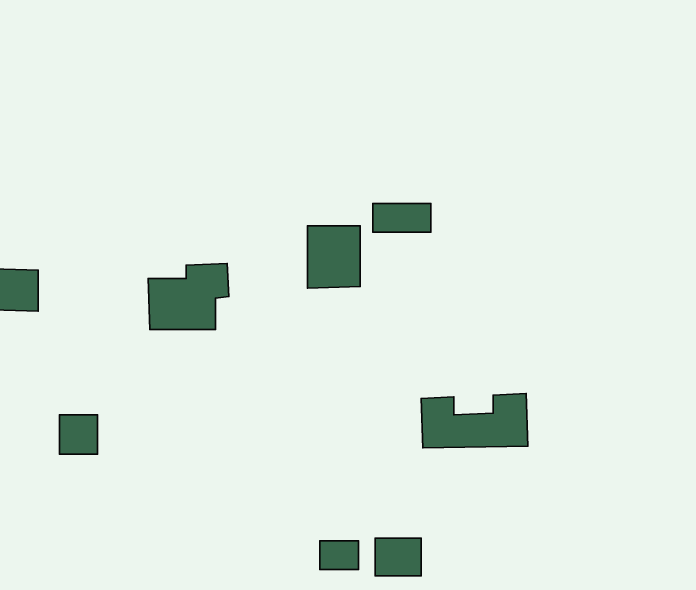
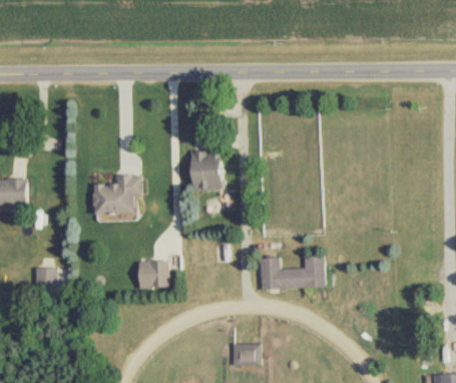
building: [373,203,431,232] -> none
building: none -> [138,262,168,288]
building: [320,541,358,570] -> none

